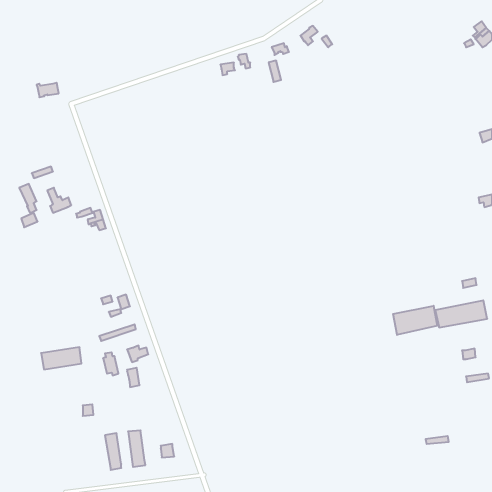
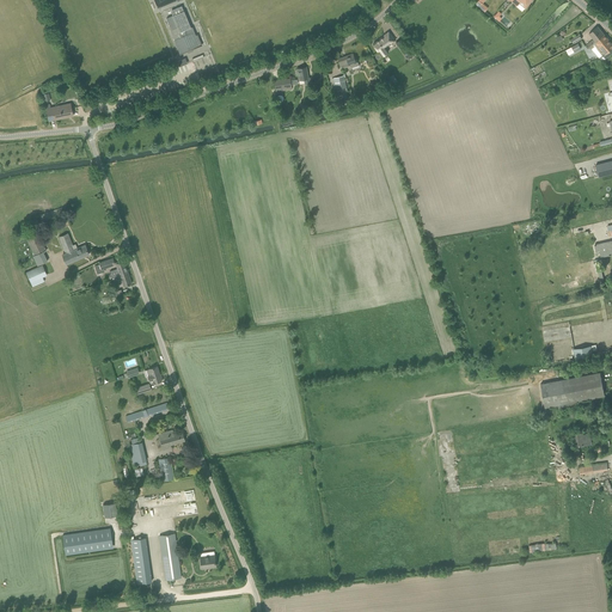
building: none -> [166,11,200,54]
building: [393,306,437,335] -> none
building: [41,347,81,369] -> [62,527,112,555]

